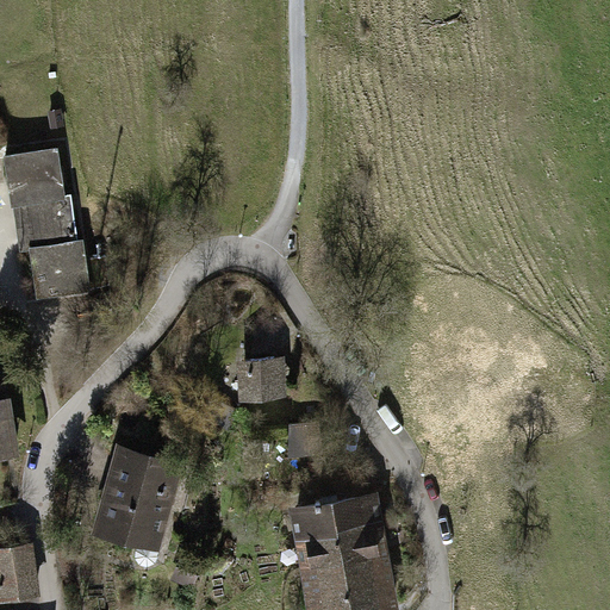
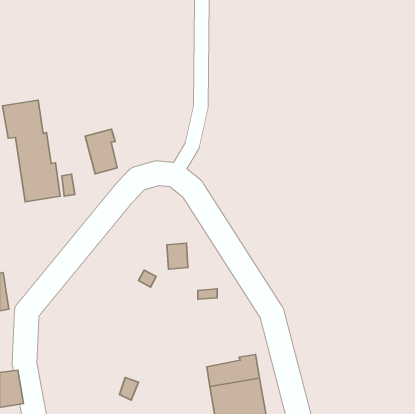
building: none -> [85,129,117,174]
building: [97,452,178,566] -> none
building: [298,497,374,540] -> none

